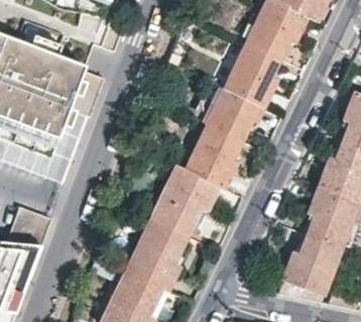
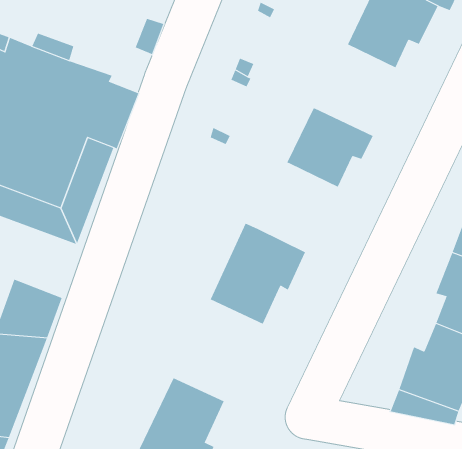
building: [225,42,280,105] -> none
building: [187,124,241,188] -> none
building: [128,217,190,289] -> none

